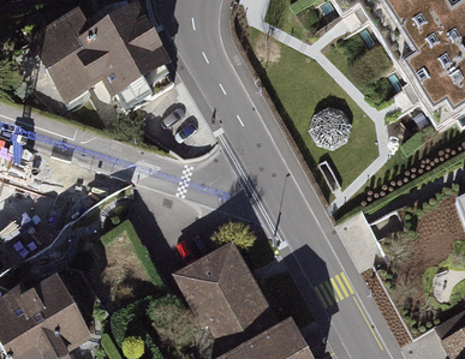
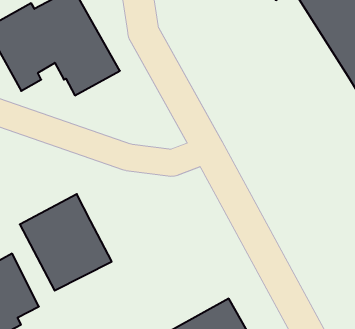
building: [174,243,273,346] -> [20,194,112,291]

